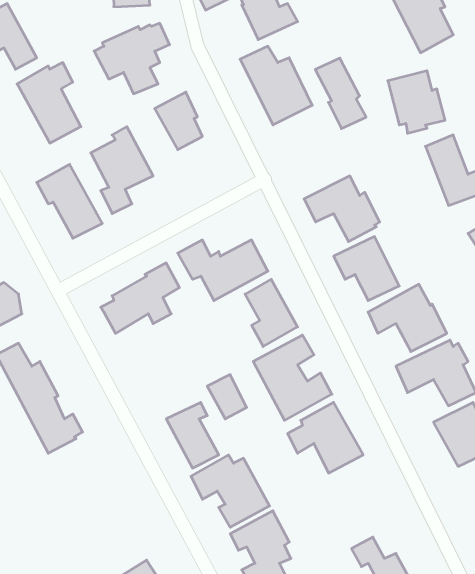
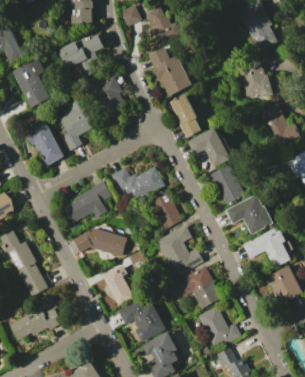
building: [315,58,366,129] -> [171,94,202,137]
building: none -> [73,227,127,256]
building: none -> [197,305,241,345]
building: none -> [9,307,63,340]

